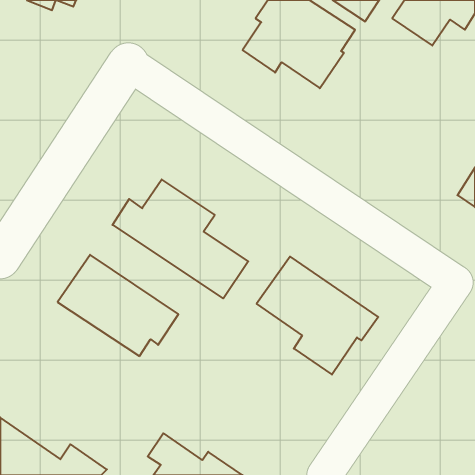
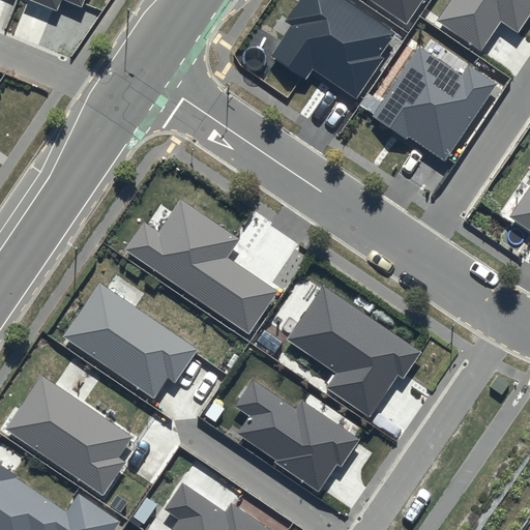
building: none -> [372,46,498,161]
building: none -> [4,375,132,496]
building: none -> [235,379,359,492]

